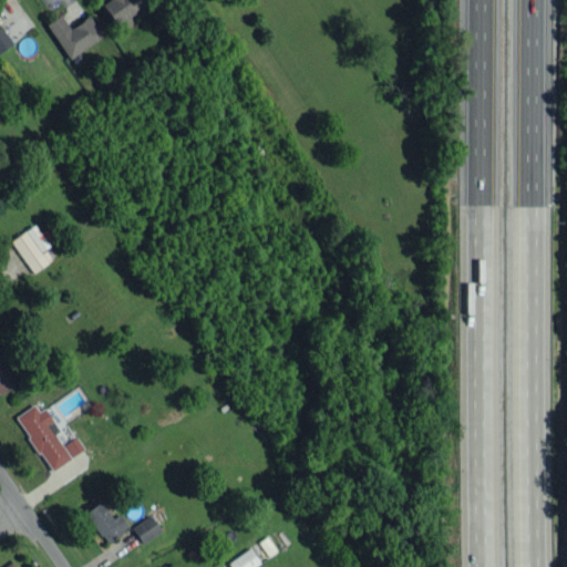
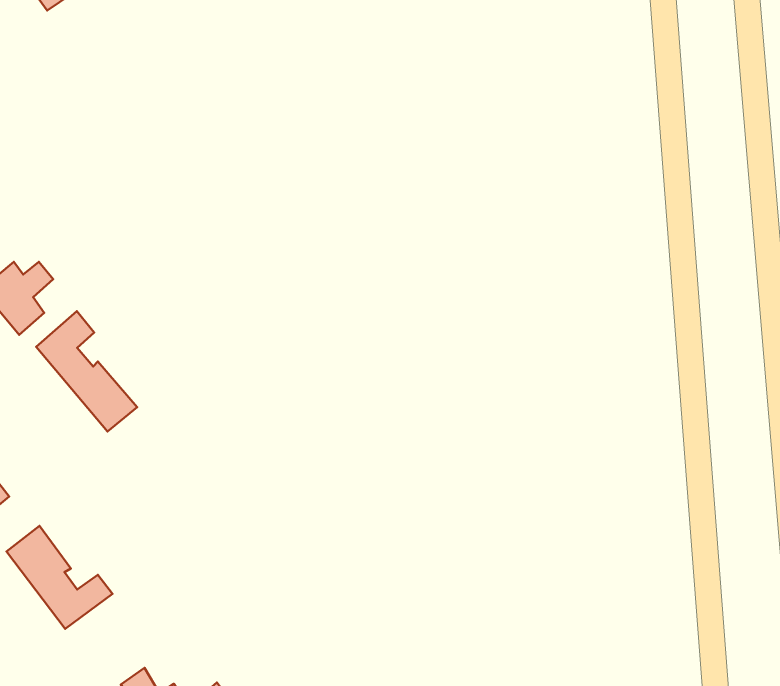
building: none -> [36,311,137,432]

